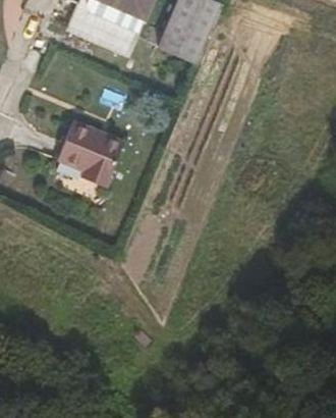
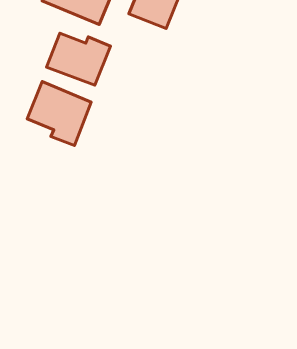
building: none -> [47,33,111,85]

